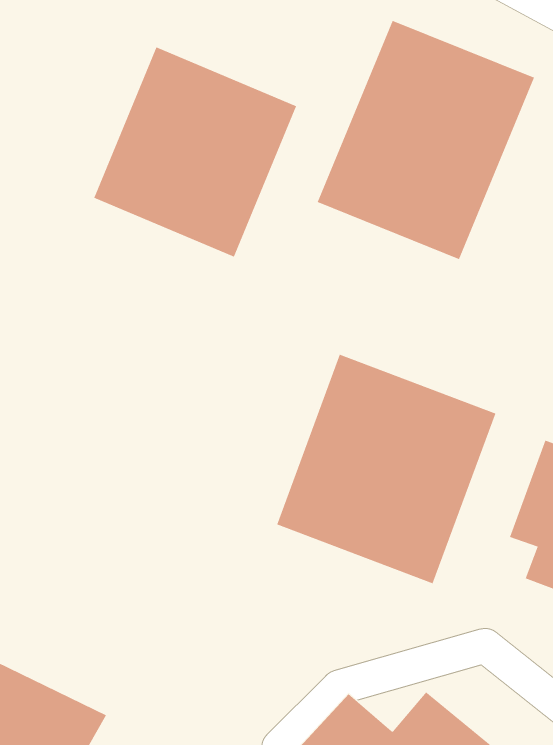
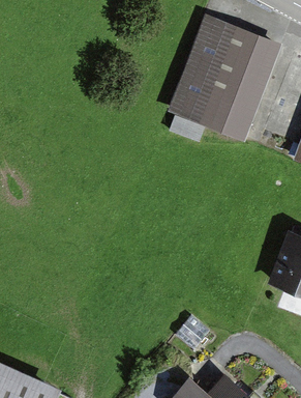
building: [93,46,297,257] -> none
building: [276,354,496,584] -> none

